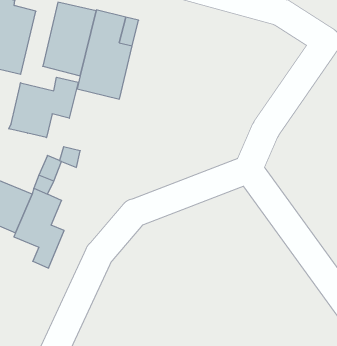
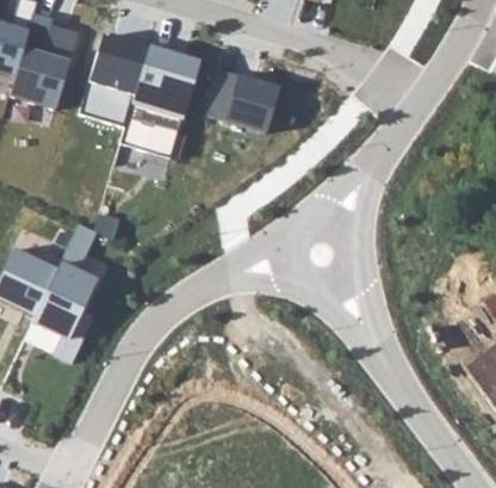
building: none -> [204,67,281,131]
building: [9,77,78,138] -> none

